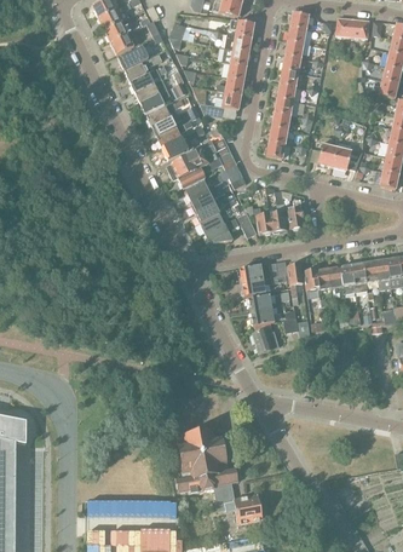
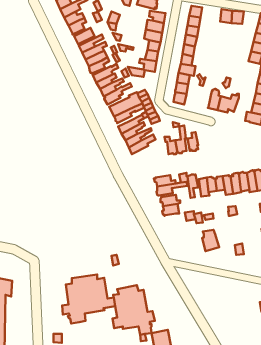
building: [205,212,257,242] -> none
building: [253,321,278,352] -> [202,230,219,251]
building: none -> [62,275,115,324]

